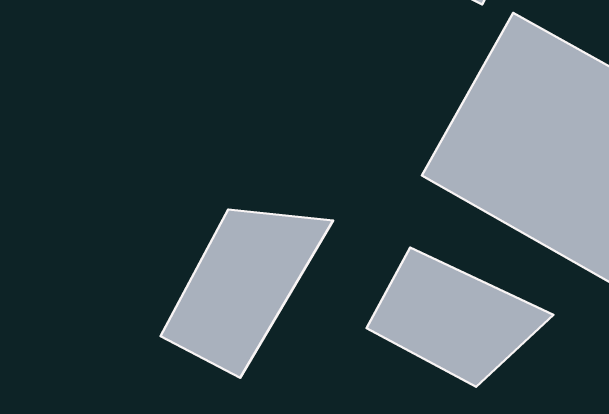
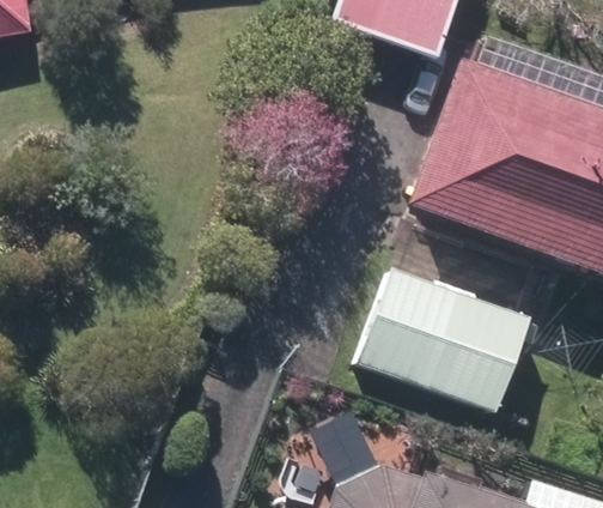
building: [161,209,333,378] -> none

